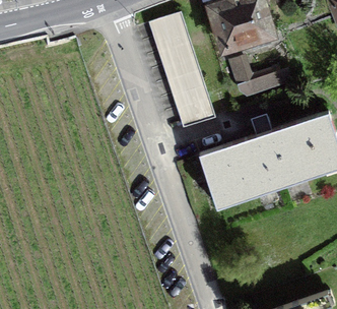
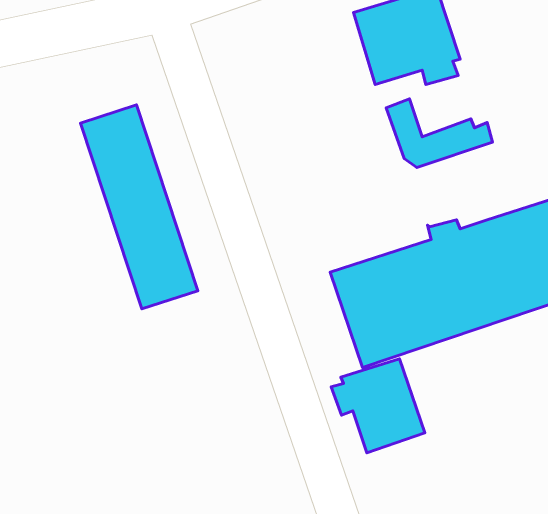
building: [149,13,215,128] -> [81,105,198,309]
building: none -> [331,359,425,453]

